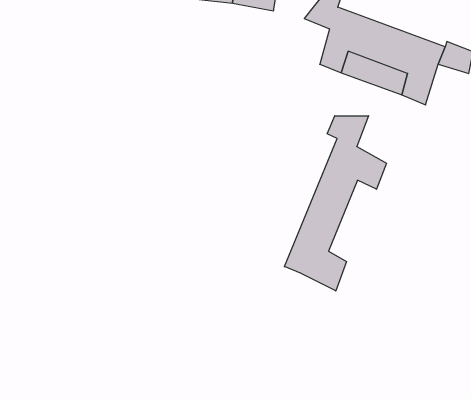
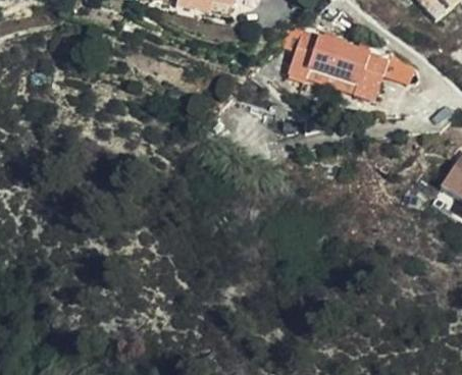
building: [284,116,387,291] -> none

